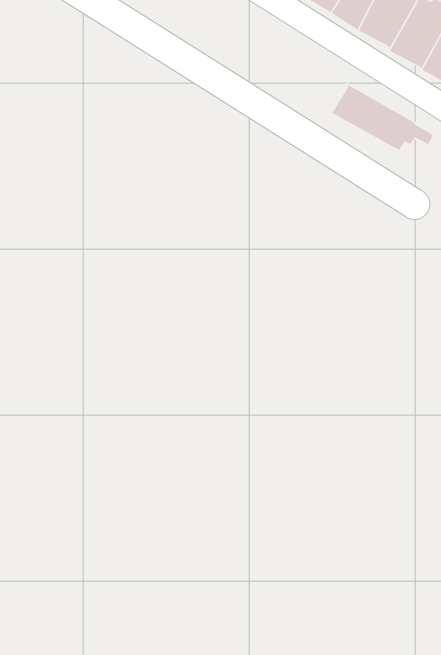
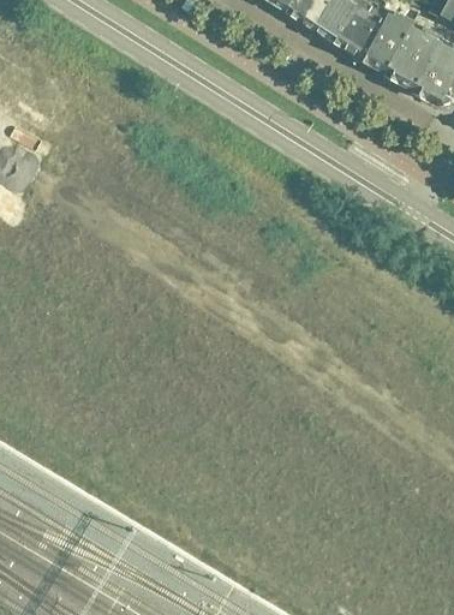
building: [331,83,434,151] -> none

